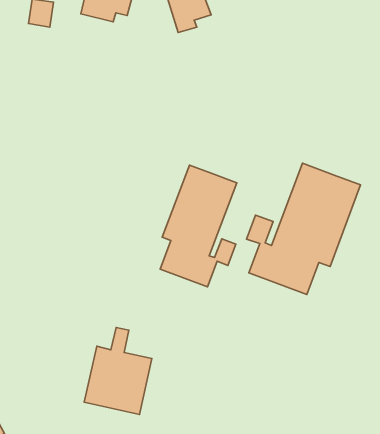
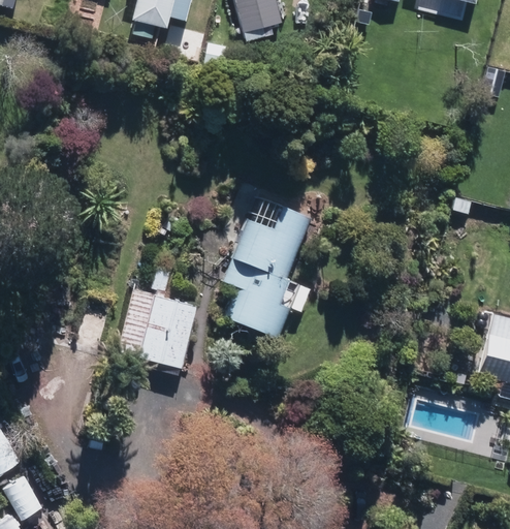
building: [246,163,360,295] -> none
building: [84,327,152,415] -> [118,268,196,369]

